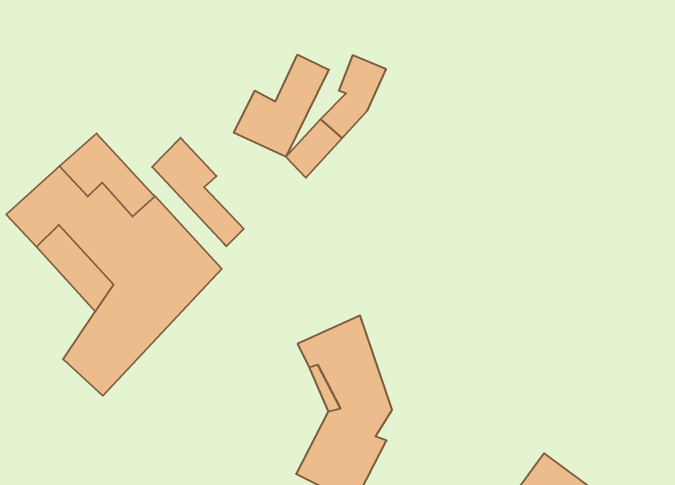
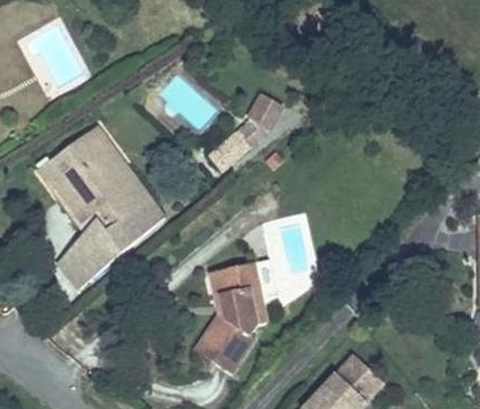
building: [234,55,329,157] -> none
building: [152,138,244,246] -> none

